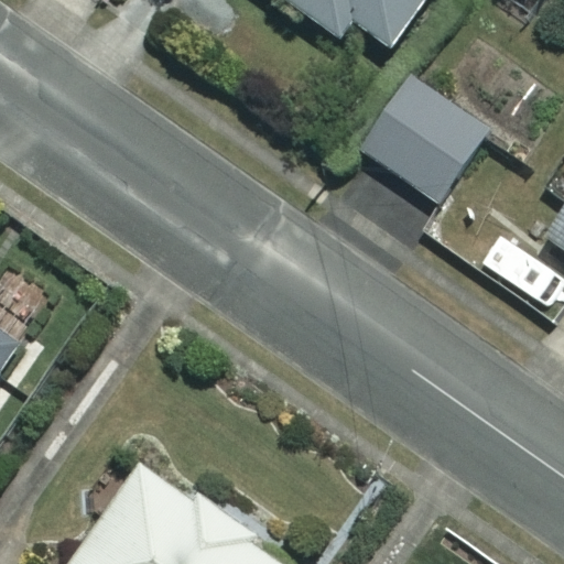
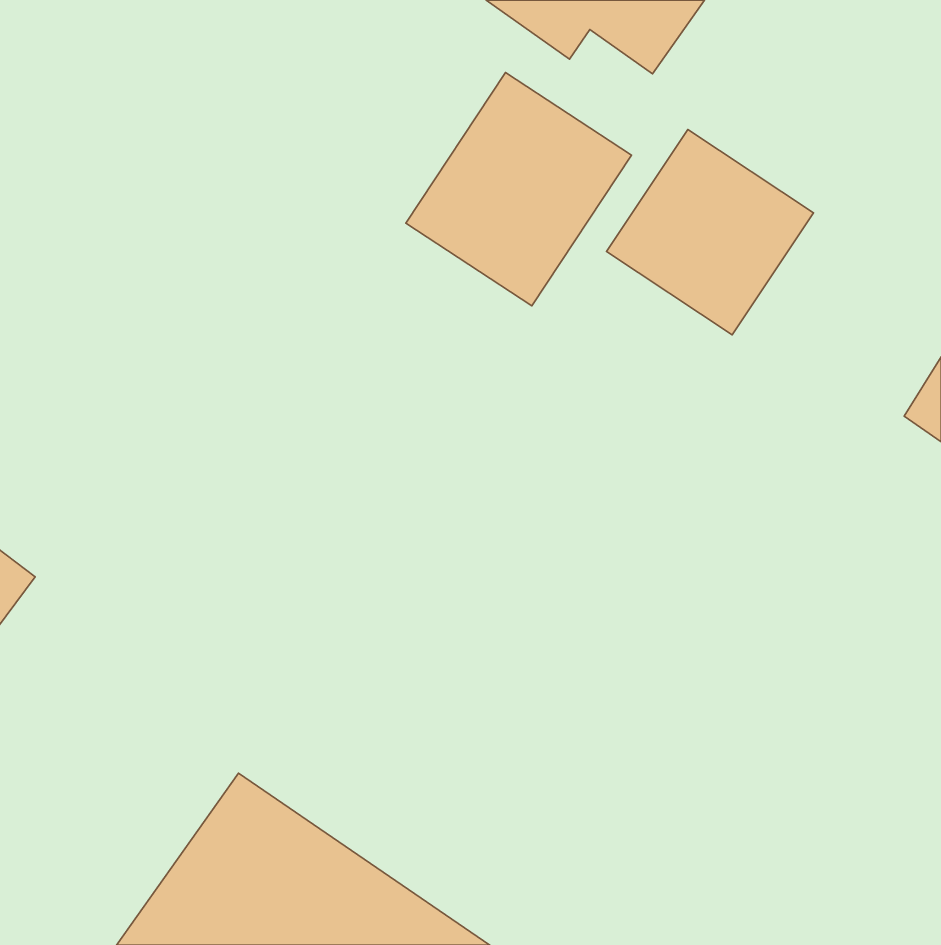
building: none -> [406,73,631,306]

